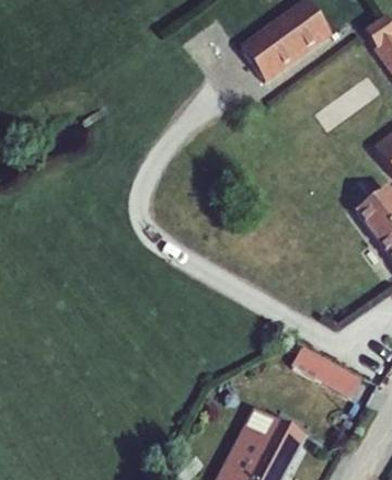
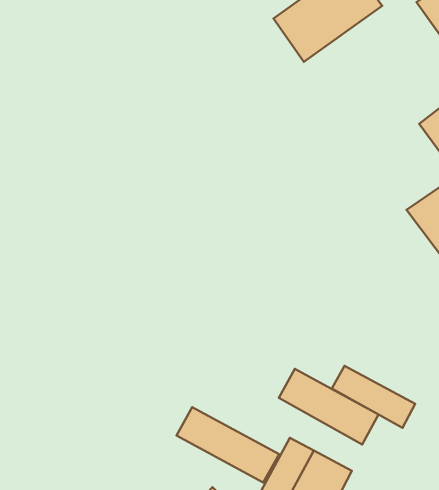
building: none -> [279,369,379,445]
building: none -> [176,407,279,483]

